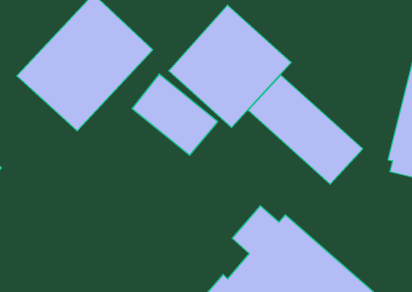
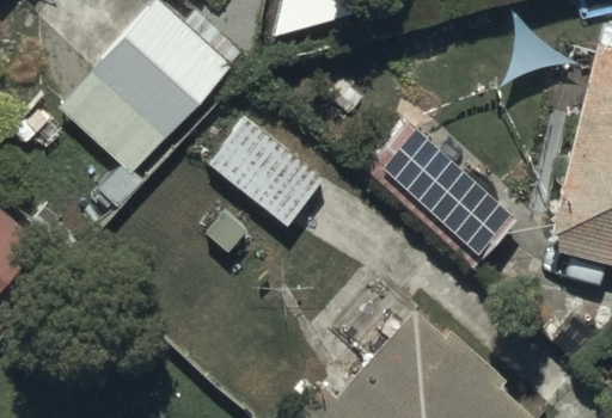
building: [169,5,291,128] -> none

